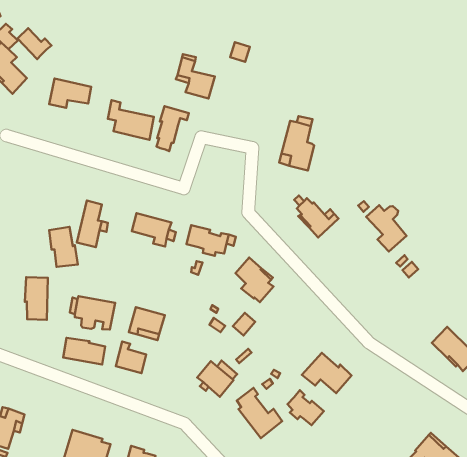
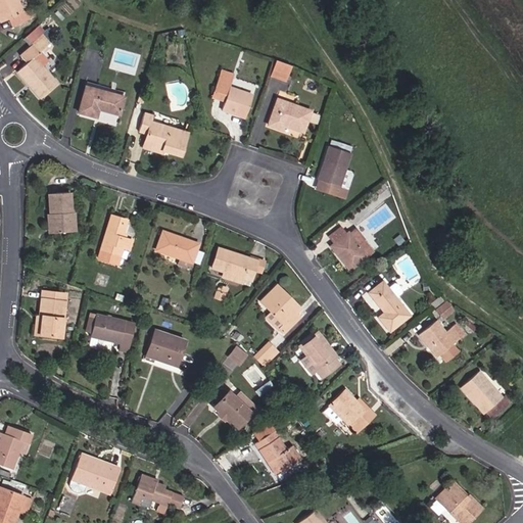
building: [17,28,52,59] -> none
building: none -> [269,99,318,132]
building: [157,106,189,151] -> none
building: [366,205,406,252] -> [369,282,410,331]
building: [49,227,78,267] -> [48,192,76,233]
building: none -> [419,321,464,362]
building: none -> [300,332,339,377]
building: [63,338,105,364] -> none
building: [116,342,146,373] -> none
building: [288,390,324,425] -> none

